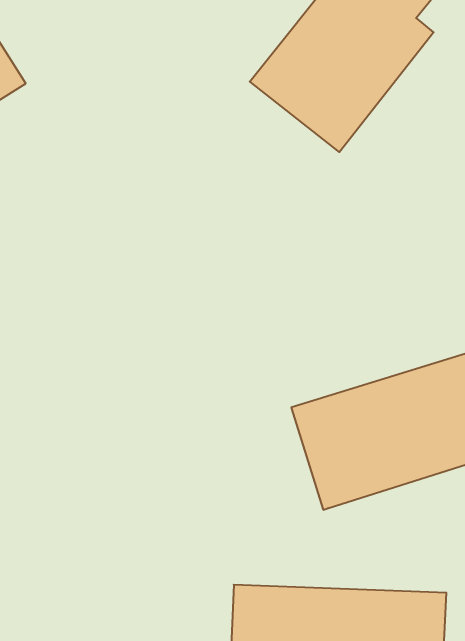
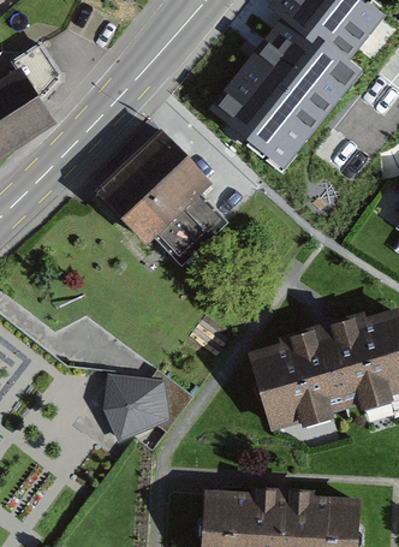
building: none -> [95,130,237,260]
building: none -> [106,375,169,444]

